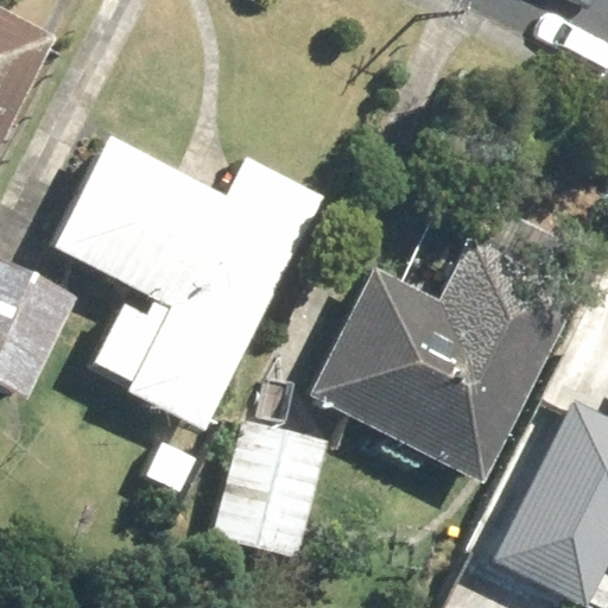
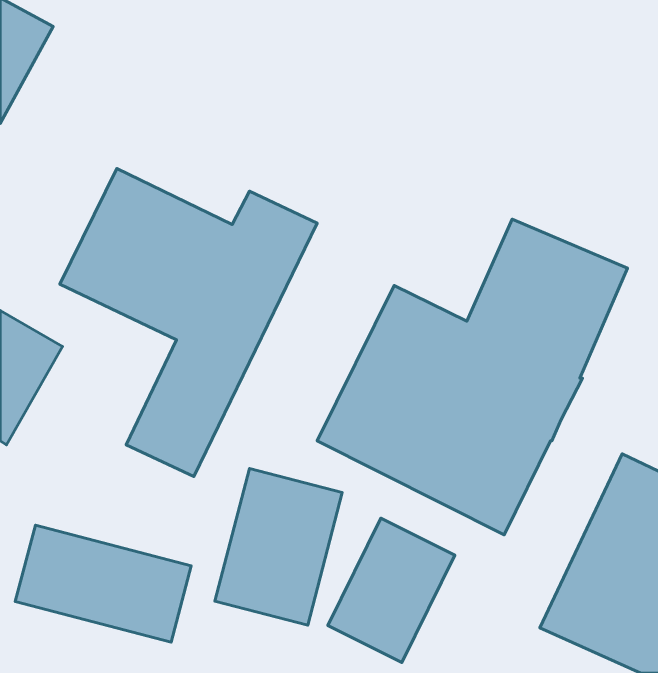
building: none -> [328,518,455,663]
building: none -> [15,525,191,642]

